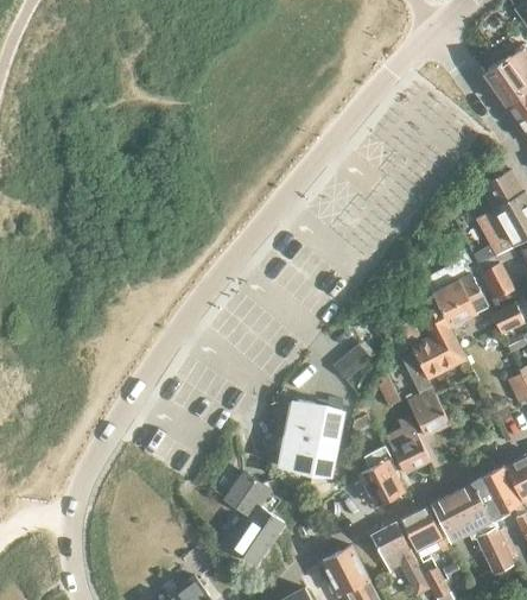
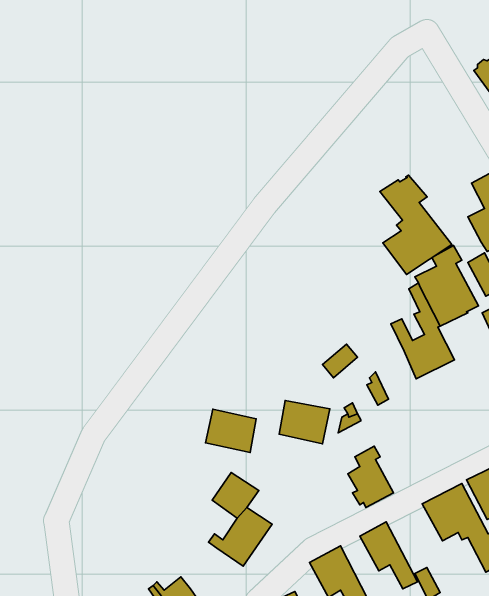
building: none -> [380,175,452,275]
building: [401,353,449,436] -> none
building: [385,417,430,474] -> none
building: [284,435,334,478] -> [206,409,256,452]
building: [400,506,447,551] -> none

